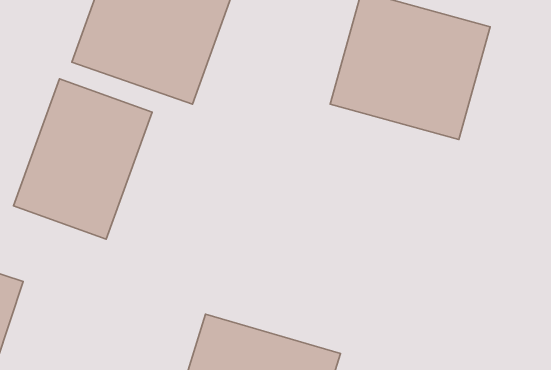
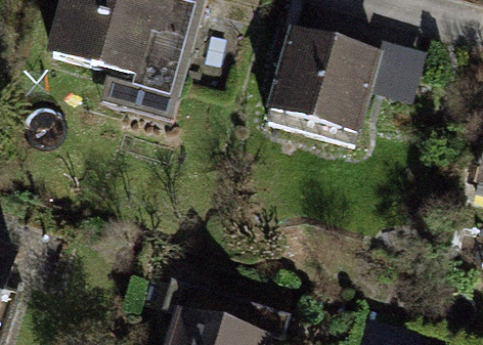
building: [14,79,152,239] -> none

